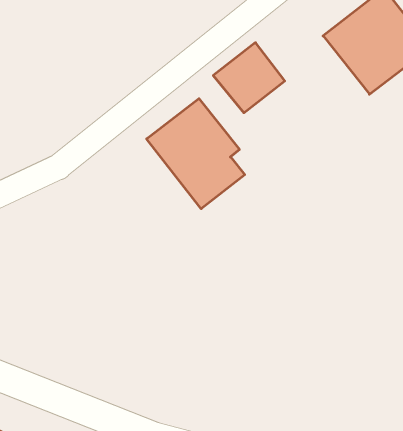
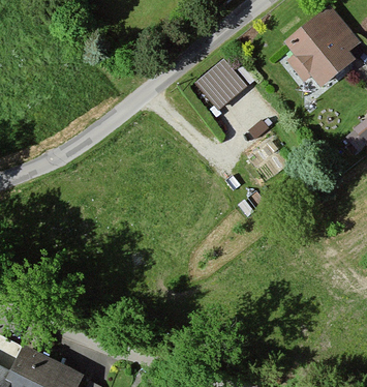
building: [147,99,245,209] -> none

